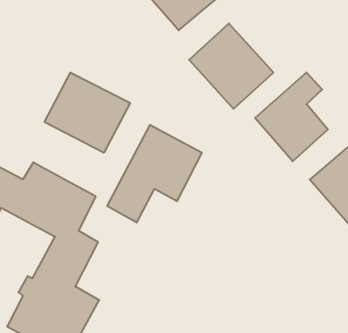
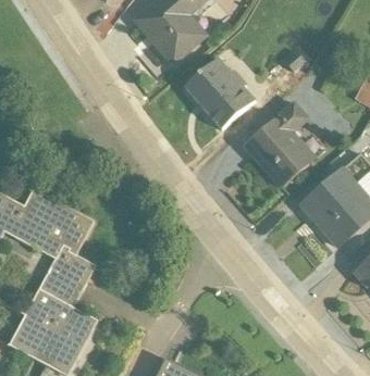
building: [44,72,130,153] -> none
building: [107,125,202,223] -> none

